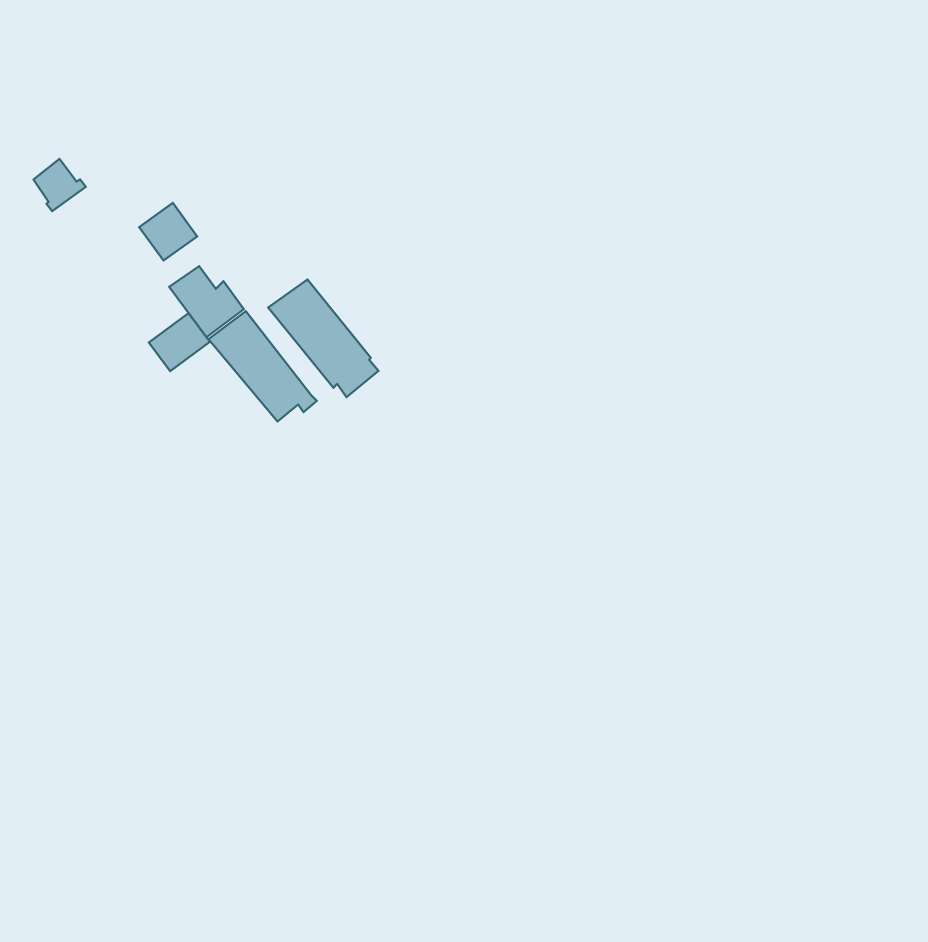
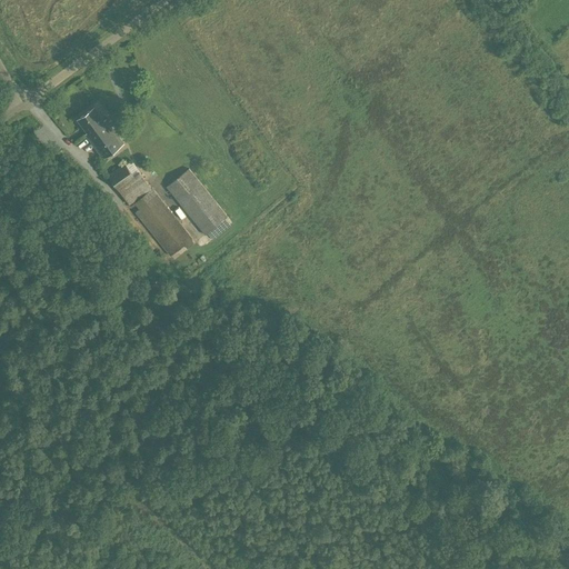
building: [33,159,86,211] -> [77,107,108,138]
building: [149,313,210,371] -> none

